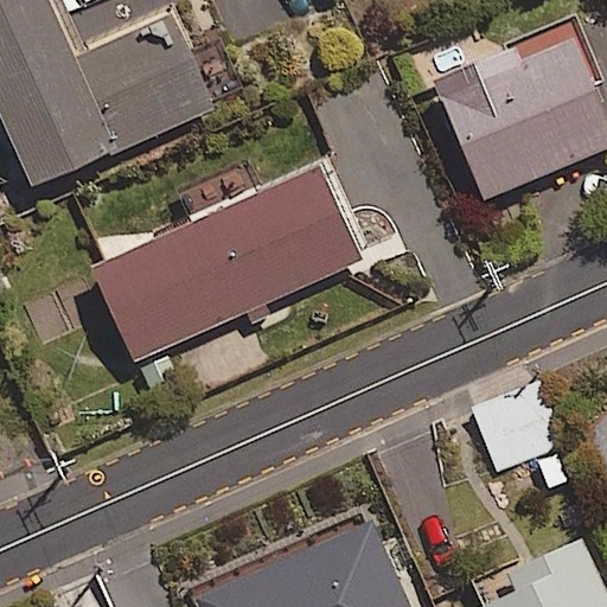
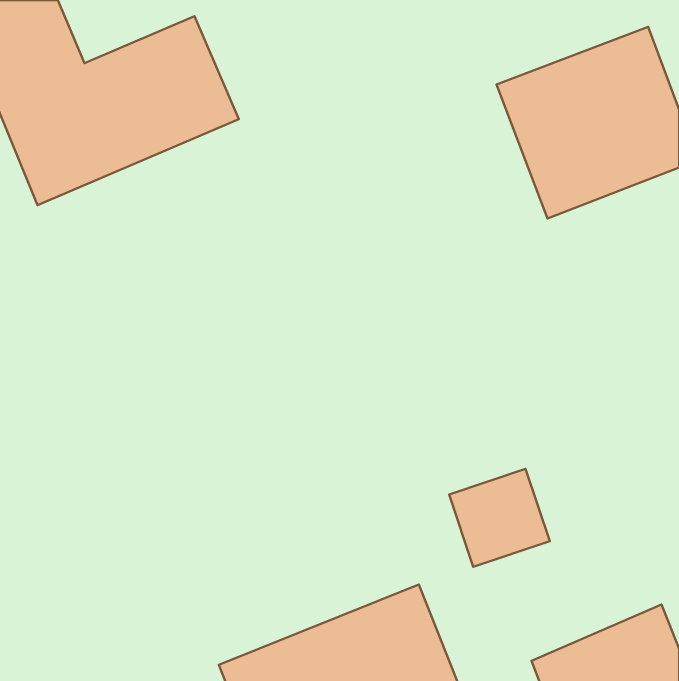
building: [92,165,362,363] -> none
building: [469,385,558,472] -> [449,469,550,567]

